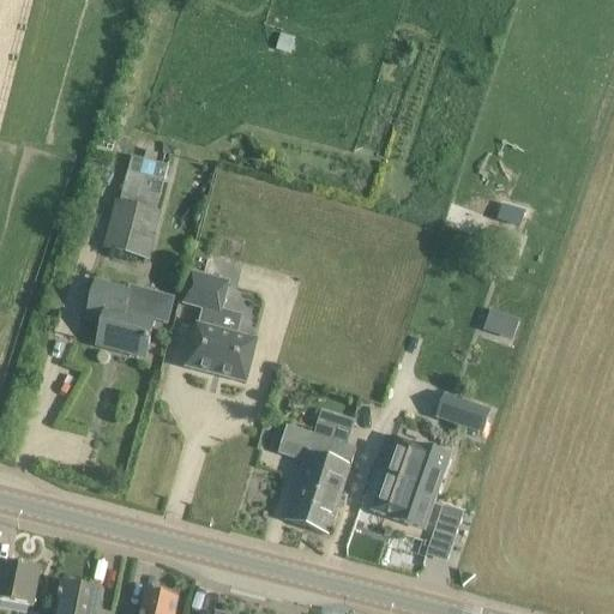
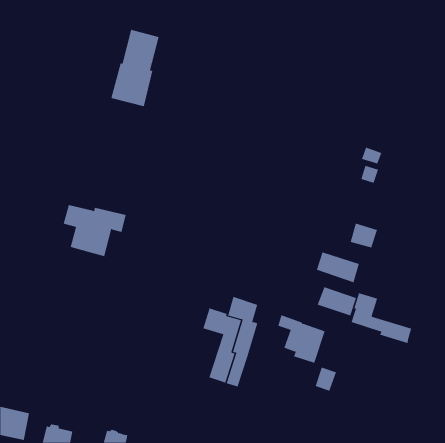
building: [102,155,169,261] -> [111,29,159,107]
building: [183,271,257,380] -> none
building: none -> [316,251,359,283]
building: none -> [351,292,412,344]
building: [373,447,433,526] -> none

